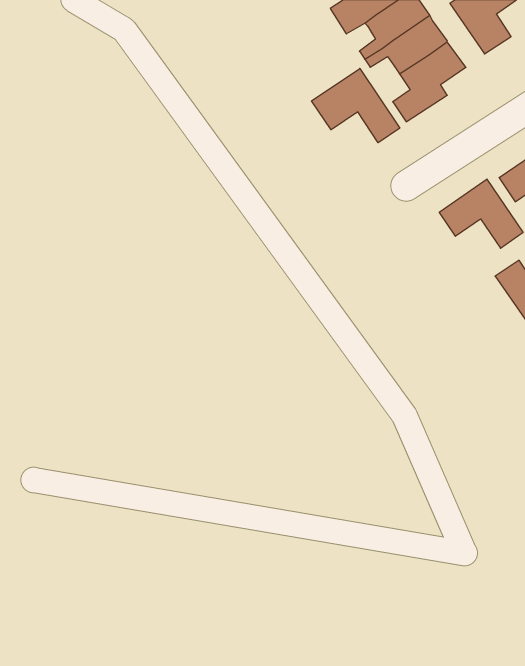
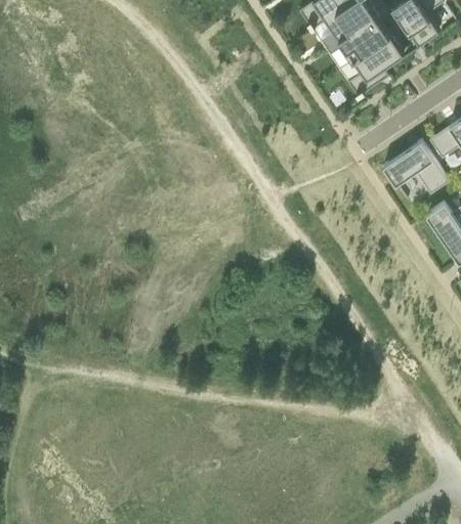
building: [312,68,400,143] -> none

